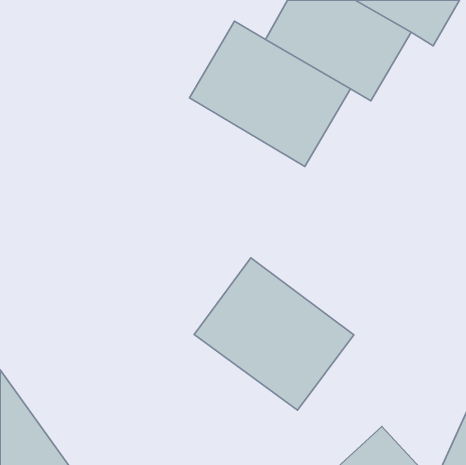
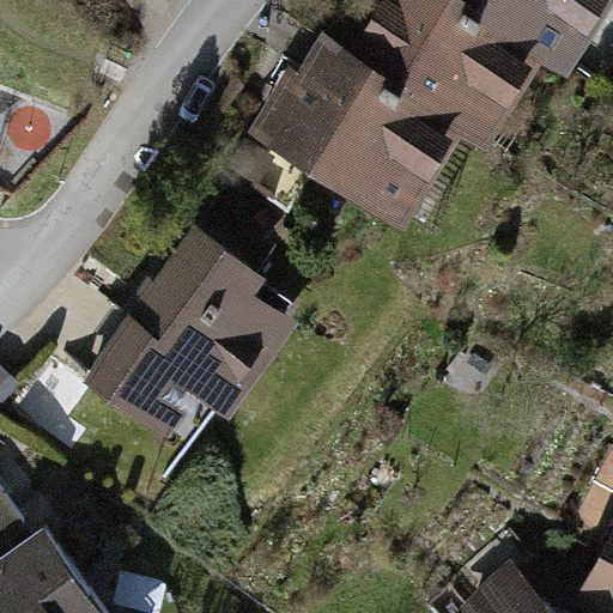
building: none -> [93,235,293,438]
building: [194,258,354,410] -> none

